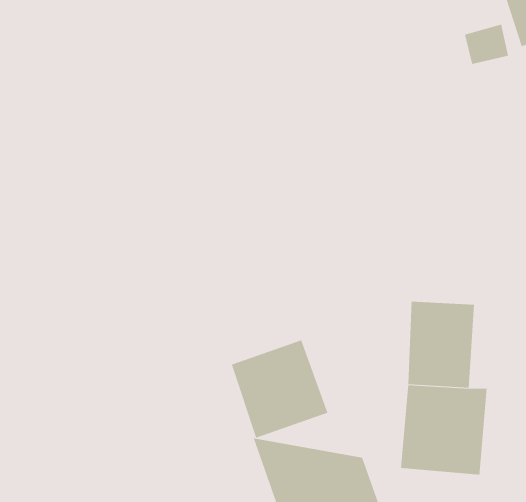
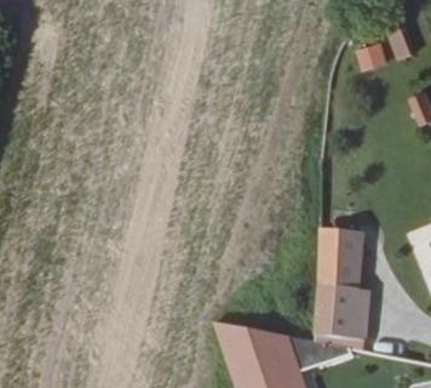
building: [231,339,328,438] -> none

